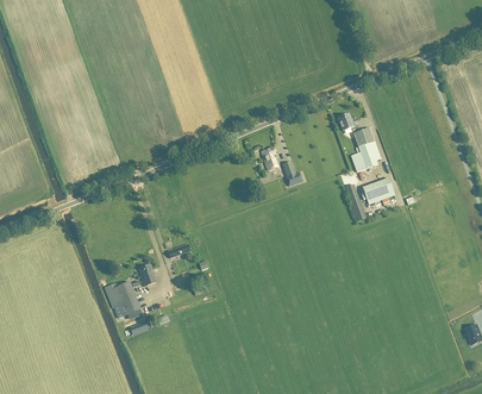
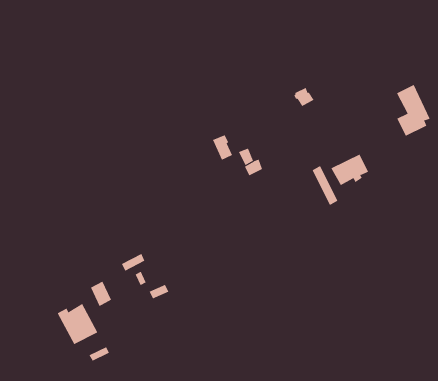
building: [350,126,380,171] -> [396,84,430,136]

